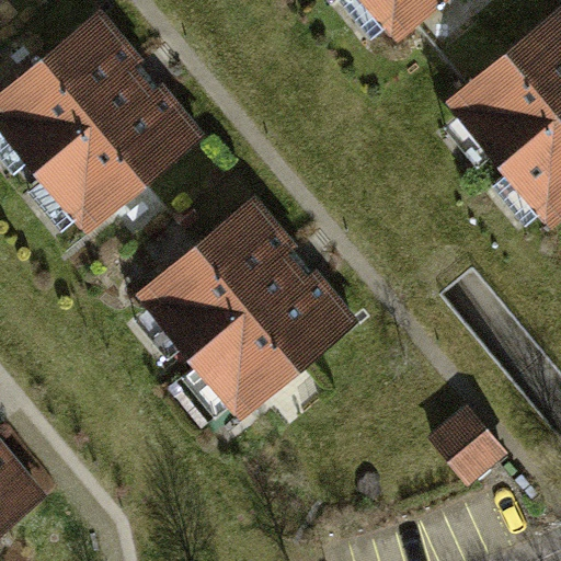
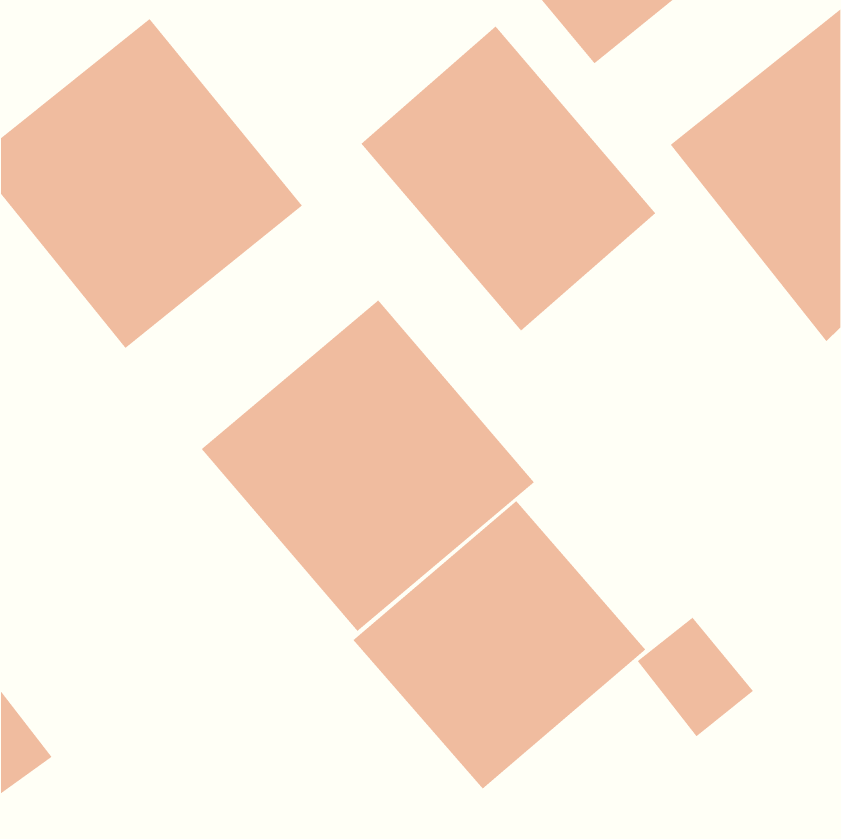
building: none -> [360,25,656,331]
building: none -> [353,500,646,790]

